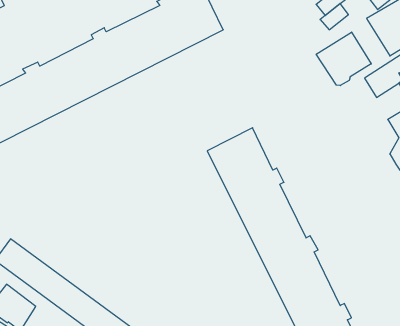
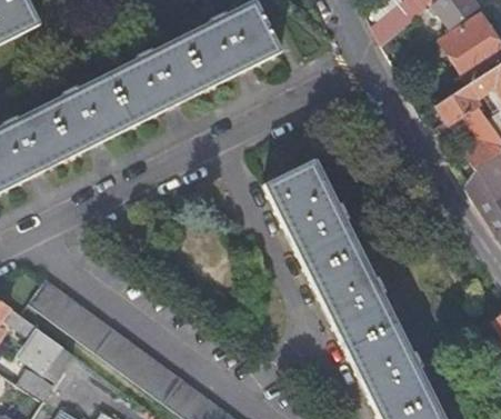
building: [316,32,371,86] -> none

